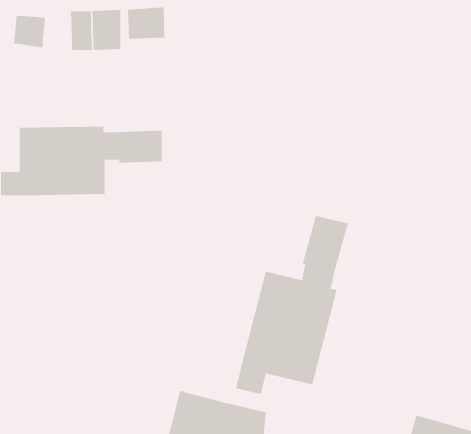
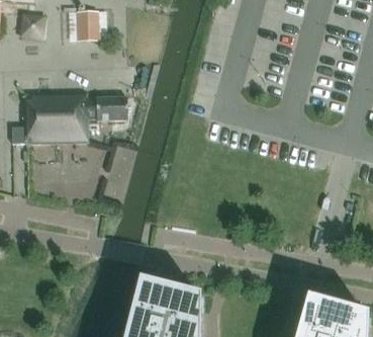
building: [128,6,165,39] -> none
building: [236,215,348,395] -> none

